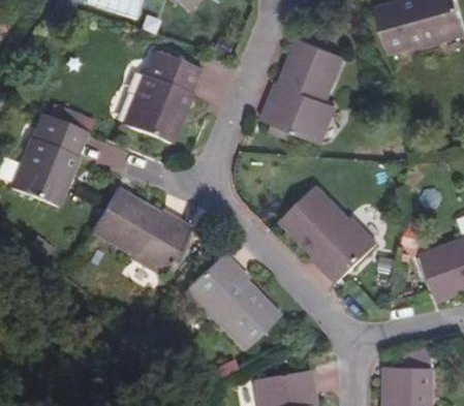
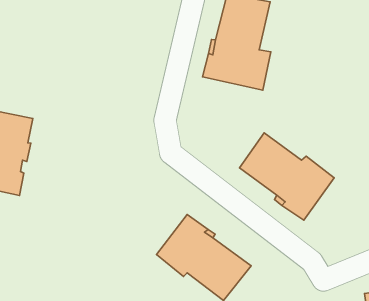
building: [123,52,196,145] -> none
building: [92,190,190,276] -> none

